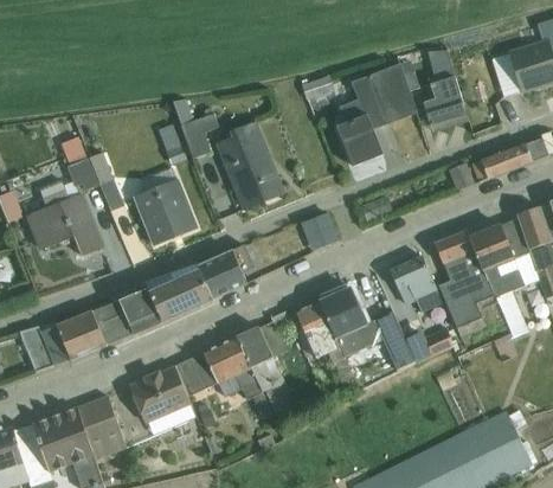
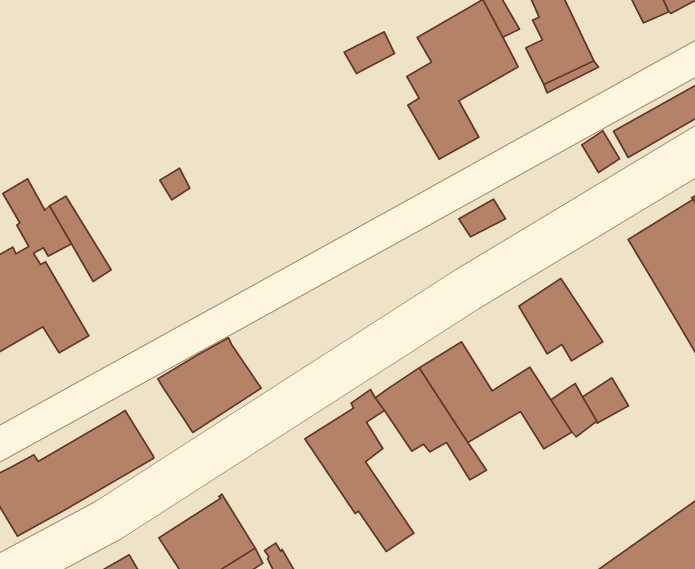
building: [172,101,219,158] -> none
building: [217,121,283,208] -> none
building: [134,167,195,244] -> none
building: [300,212,337,250] -> none
building: [435,230,494,336] -> none
building: [197,245,255,298] -> none
building: [111,288,162,333] -> none
building: [175,336,272,417] -> none

